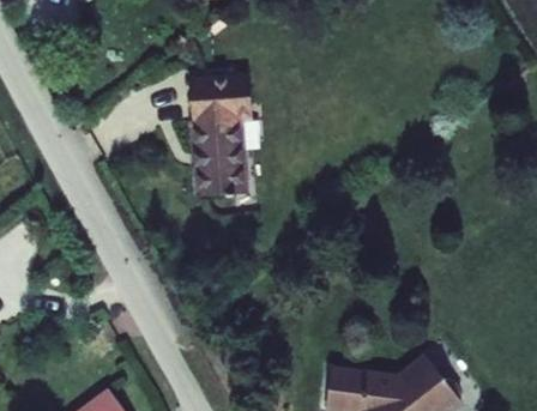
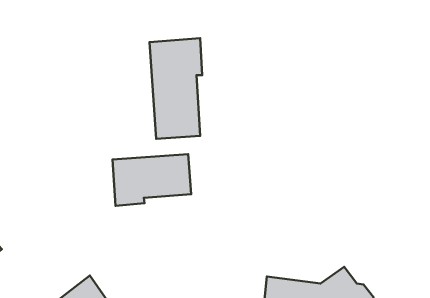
building: none -> [112,154,191,206]

